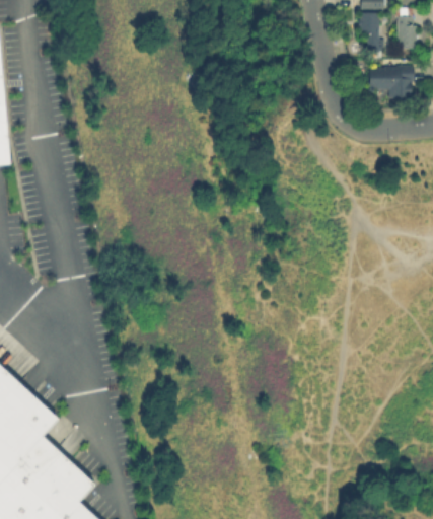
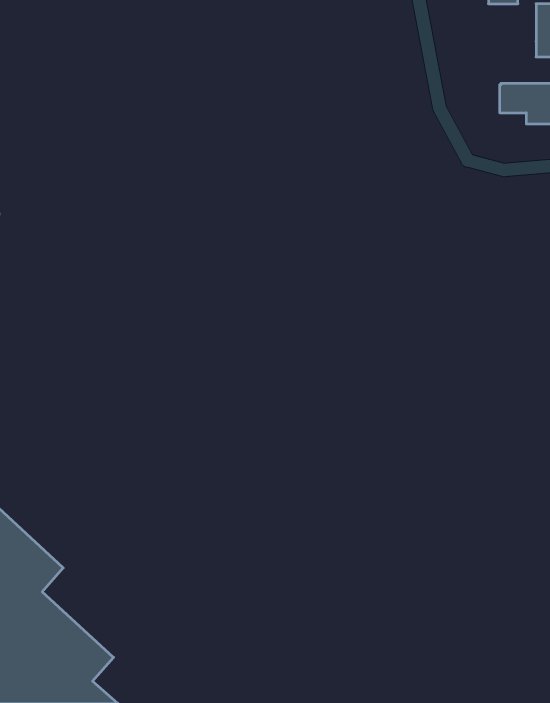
building: [362,14,379,49] -> none

